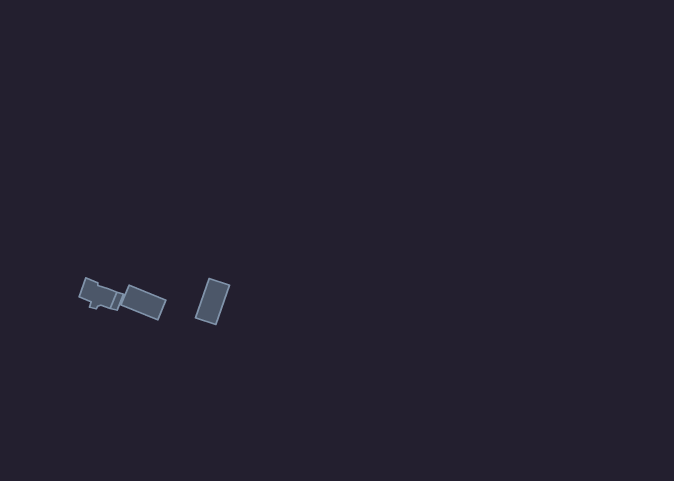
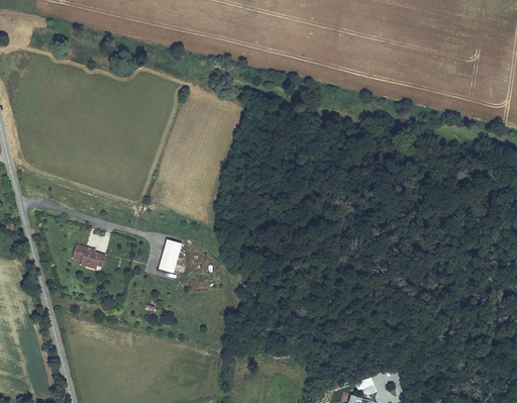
building: [121,285,166,320] -> none

